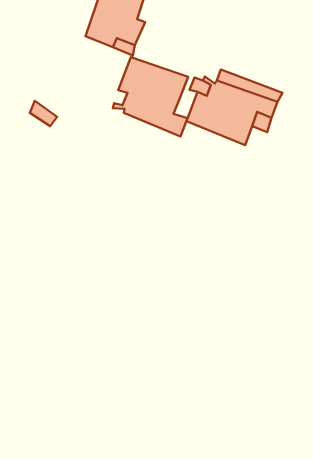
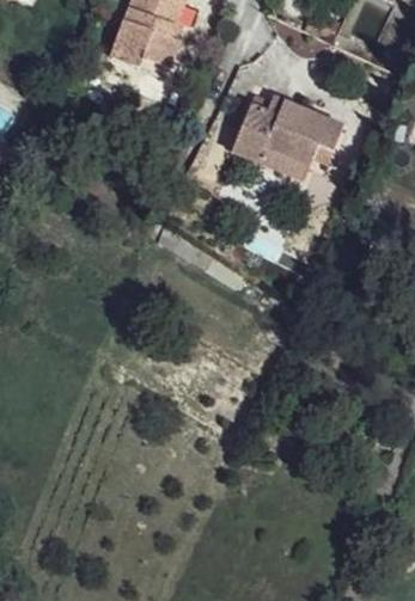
building: [113,57,188,136] -> none

